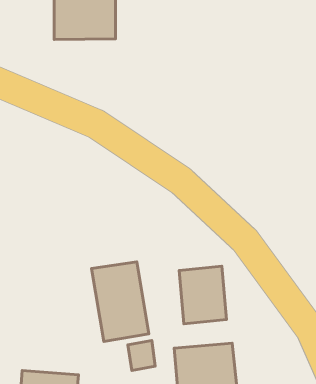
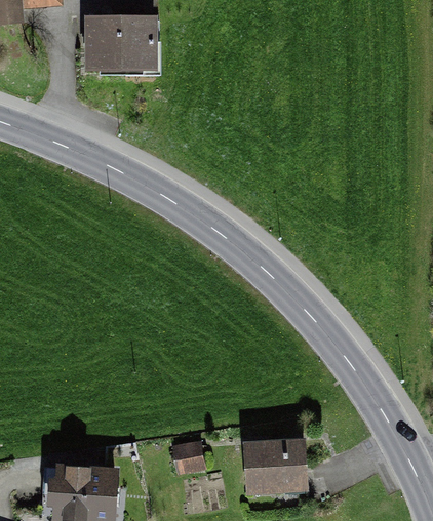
building: [92,262,149,341] -> none
building: [179,266,227,324] -> none

